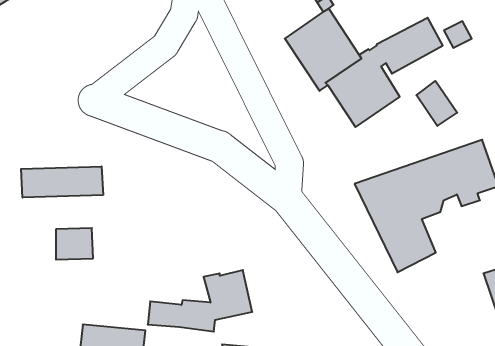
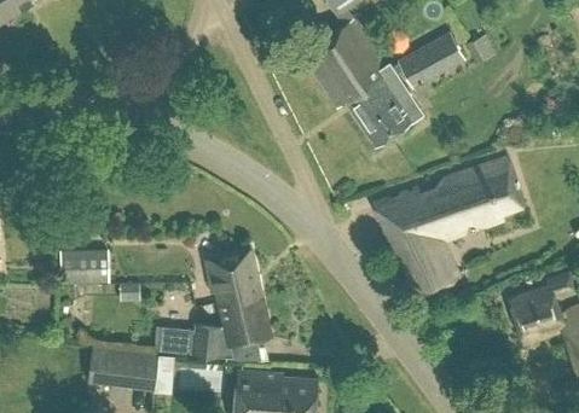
building: [416,81,457,126] -> none
building: [21,166,103,198] -> none
building: none -> [203,248,259,301]

